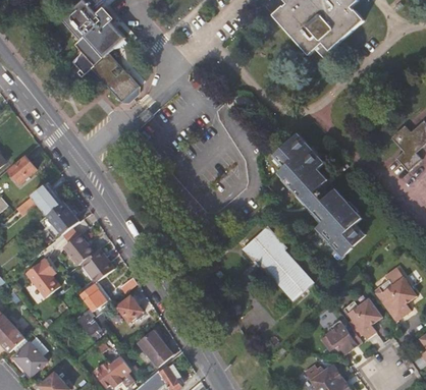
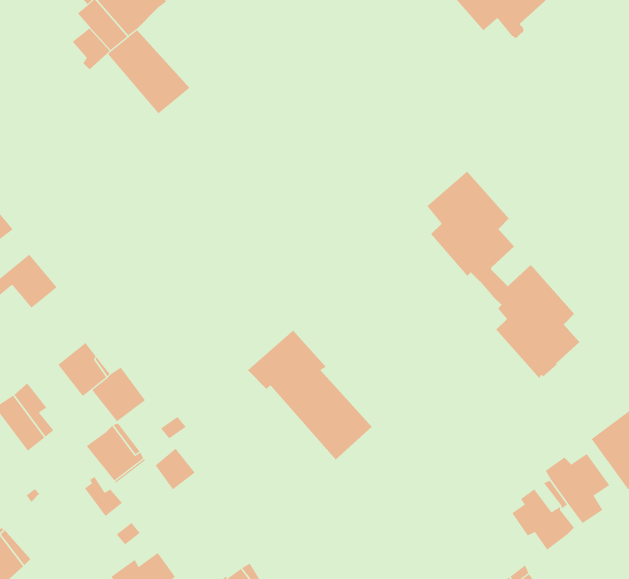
building: [47,202,79,234] -> none
building: [241,226,313,301] -> [247,330,373,460]
building: [132,330,168,366] -> none

